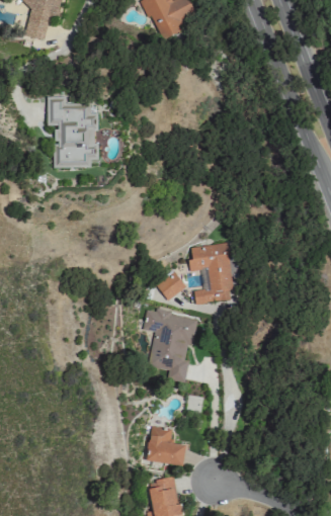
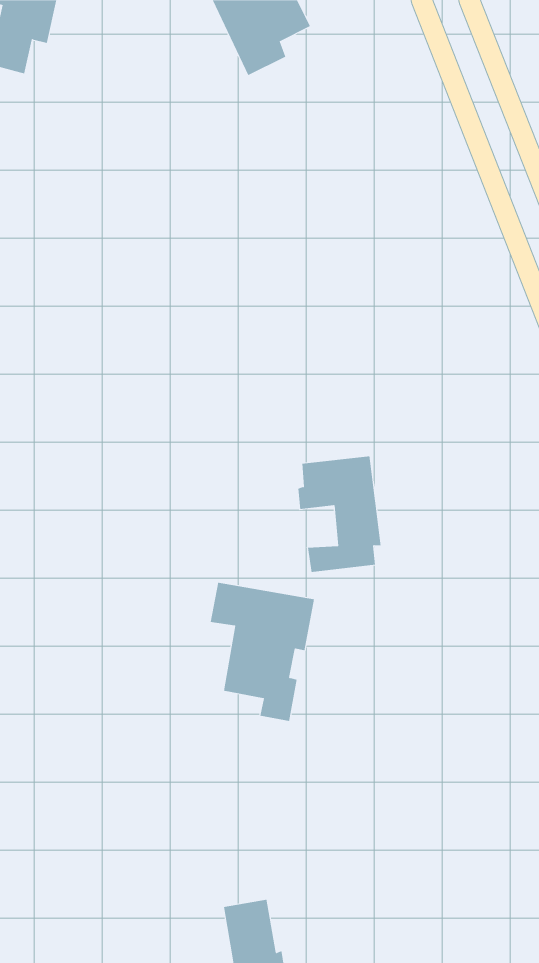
building: [47,96,98,168] -> none
building: [156,271,185,300] -> none
building: [146,426,185,465] -> none

